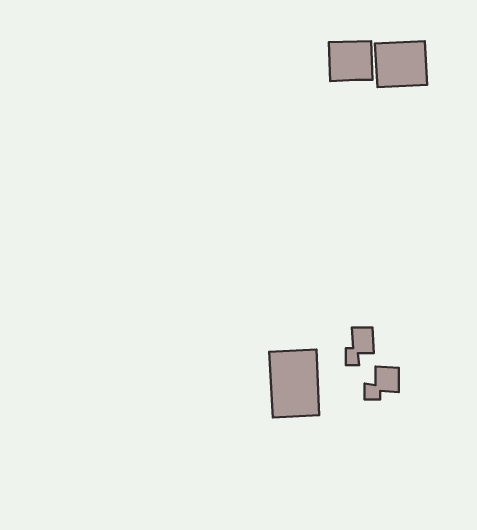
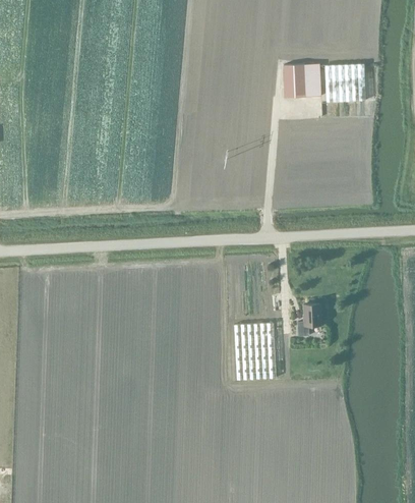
building: [364,366,399,399] -> none

